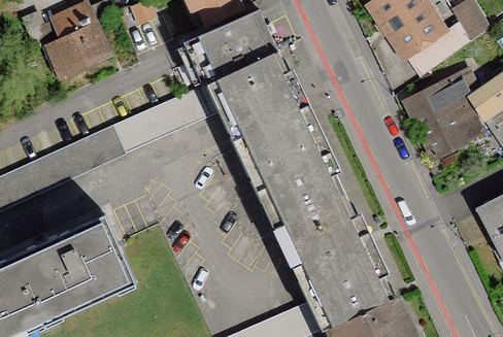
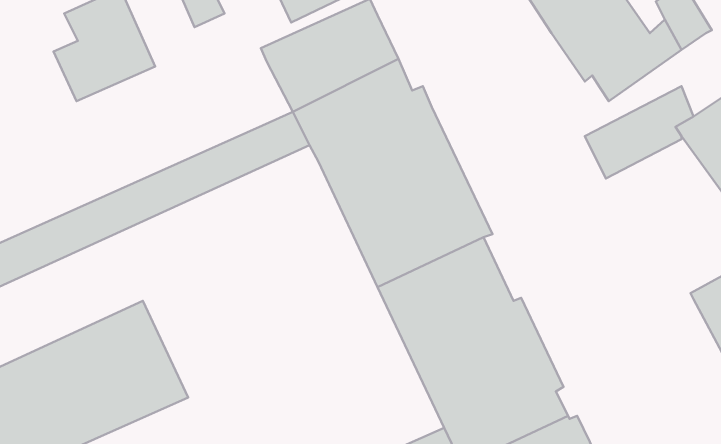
building: [418,103,488,162] -> none

